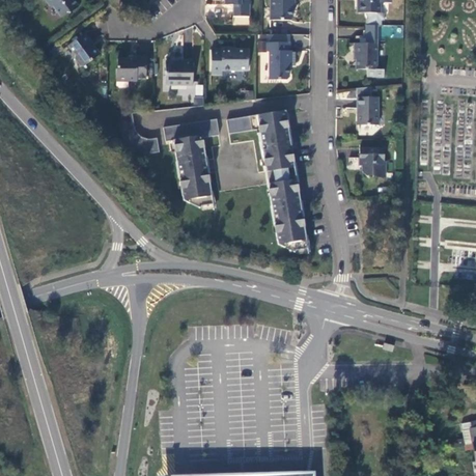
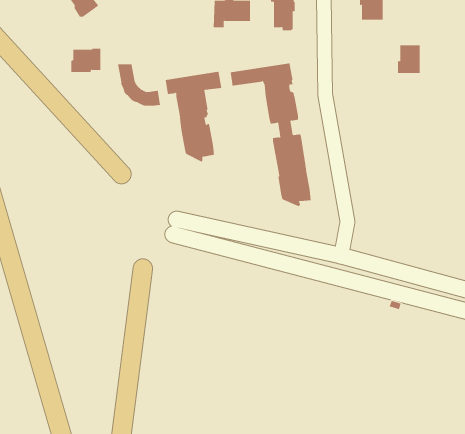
building: [116,55,146,79] -> [70,48,101,72]
building: [166,59,193,84] -> none
building: [356,95,379,123] -> [397,45,421,73]
building: [360,146,386,176] -> none

